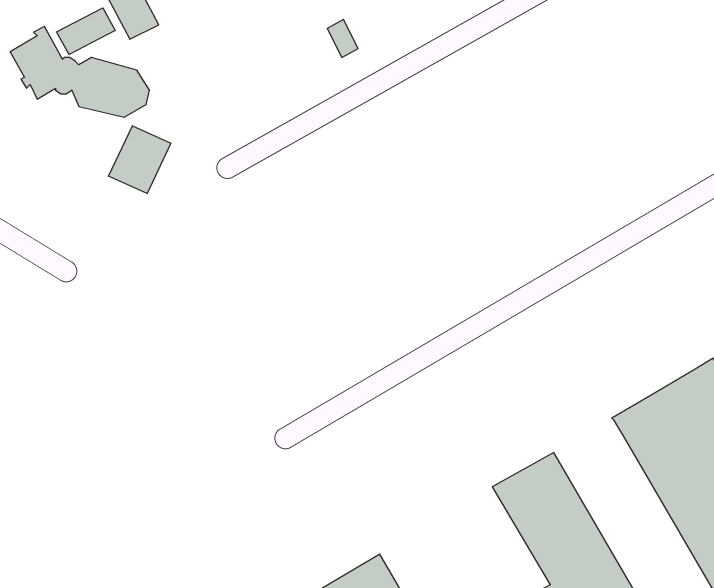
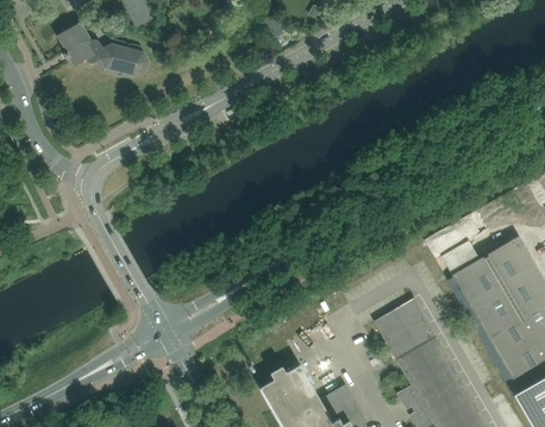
building: [56,8,115,55] -> none
building: [109,126,171,194] -> none

